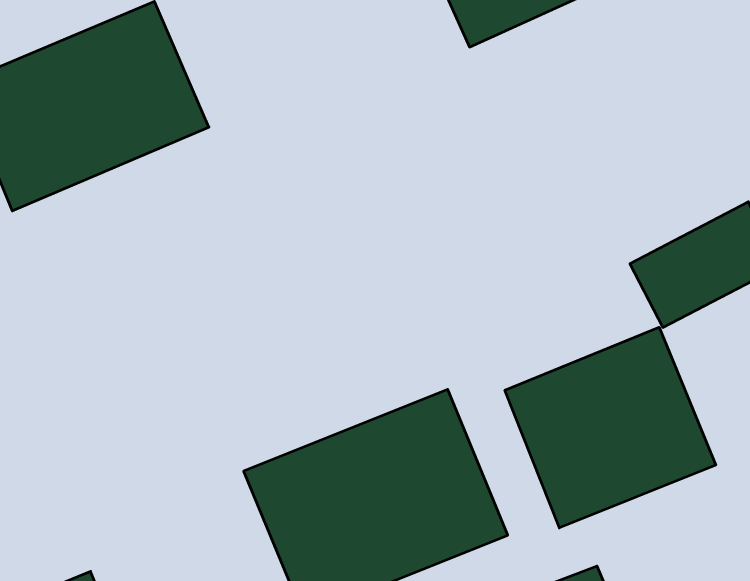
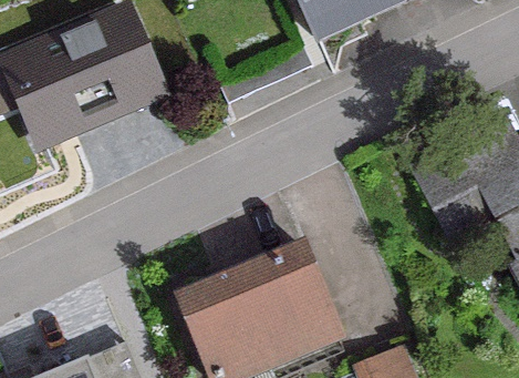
building: [505,327,716,528] -> none

